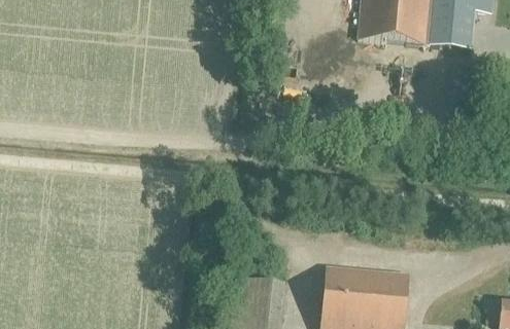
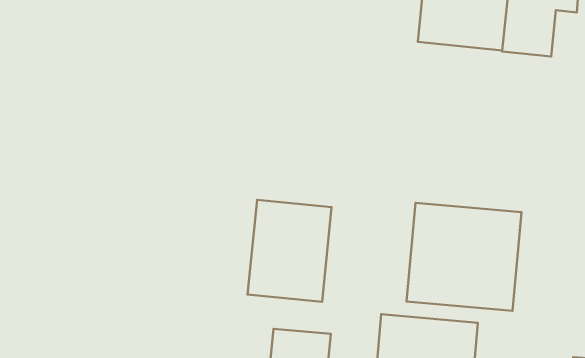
building: none -> [248,200,332,302]
building: none -> [407,203,522,311]

